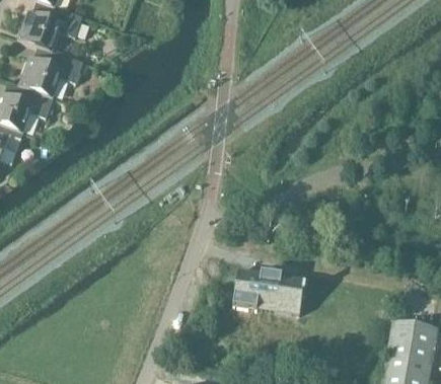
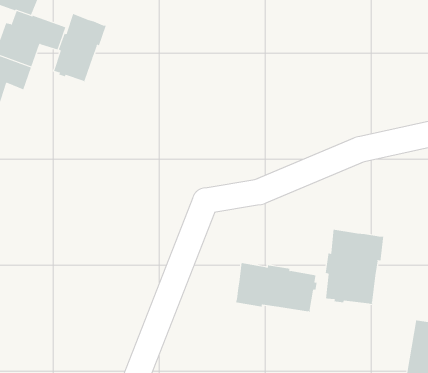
building: none -> [53,13,106,82]
building: none -> [325,229,384,305]

